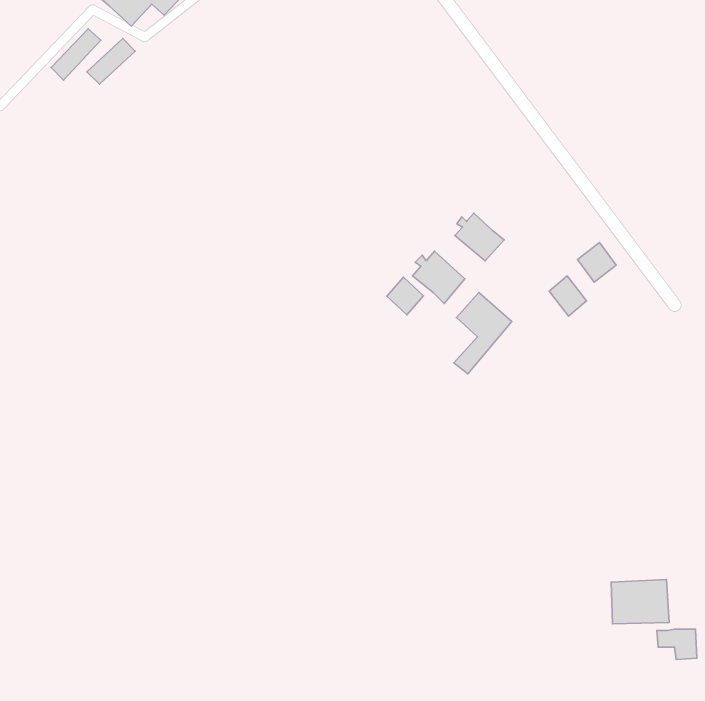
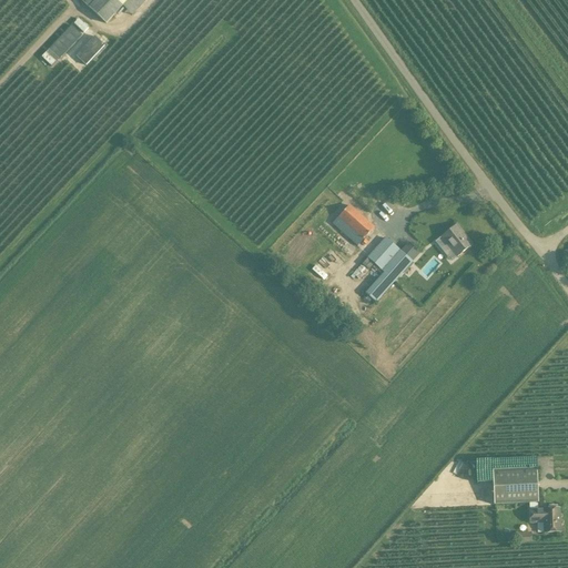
building: [455,213,504,261] -> none
building: [578,243,616,282] -> none
building: [387,277,423,315] -> none

